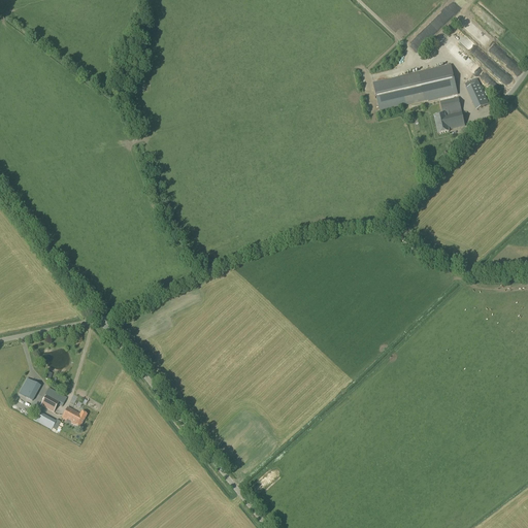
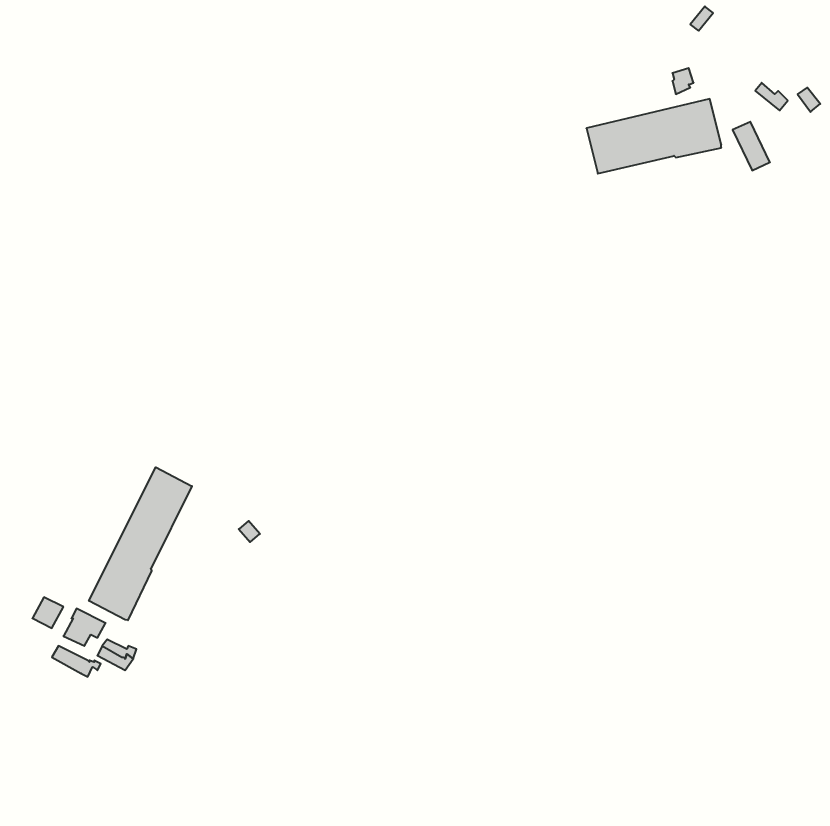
building: [434,96,464,133] -> none
building: none -> [89,467,192,620]

